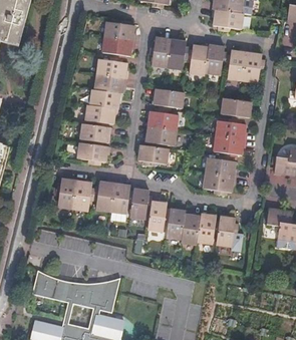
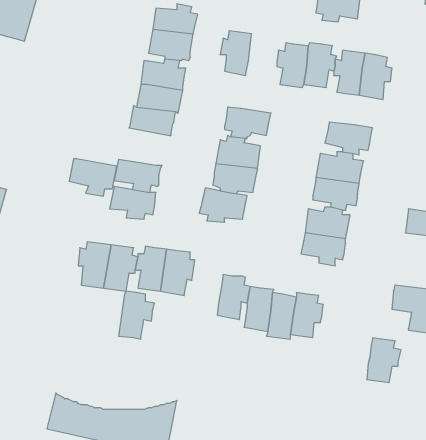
building: [166,38,188,68] -> none
building: [82,101,114,126] -> [69,159,117,196]
building: [127,188,152,220] -> [119,291,154,339]
building: [215,215,238,245] -> [367,338,401,383]

